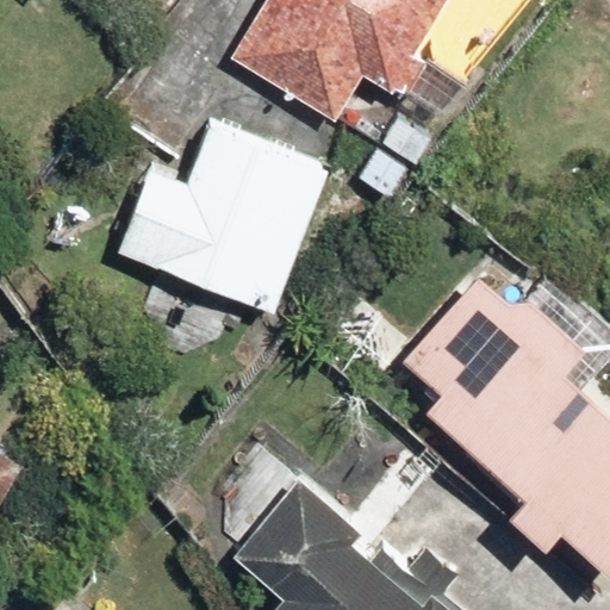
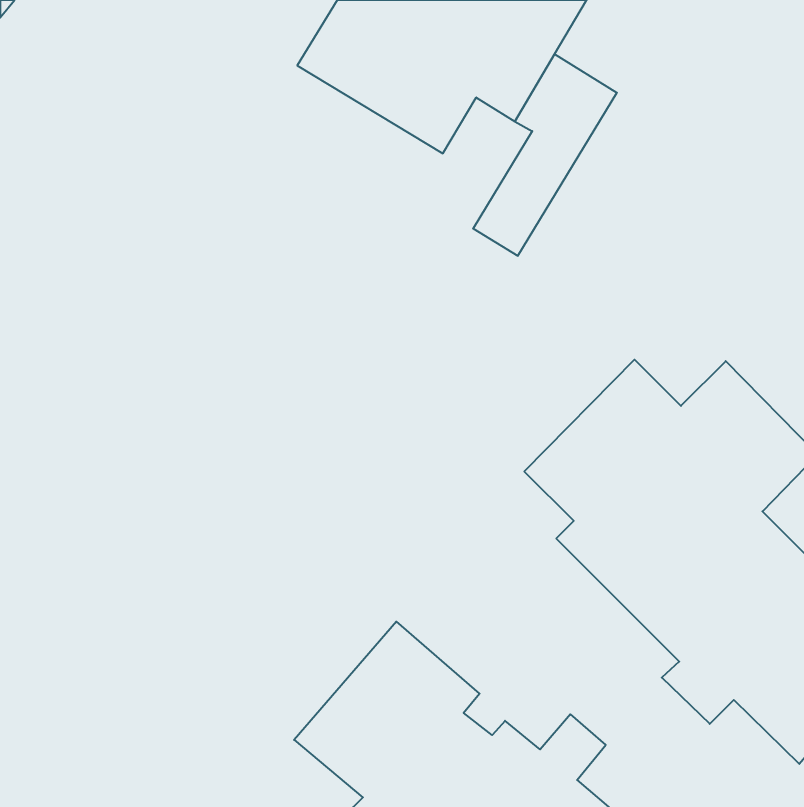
building: [116,120,331,313] -> none

